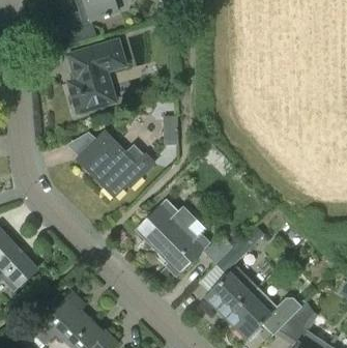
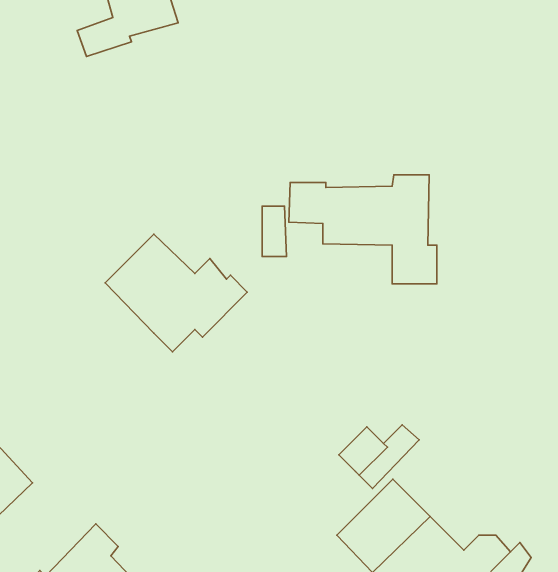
building: [67,42,124,113] -> none
building: none -> [289,175,437,284]
building: [138,201,209,274] -> none

